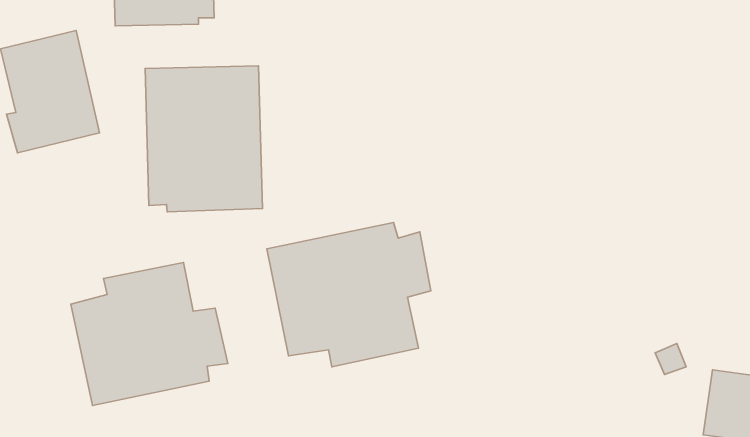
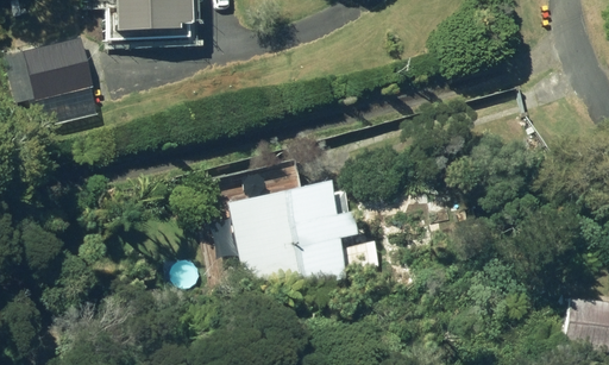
building: [145,66,263,212] -> none
building: [71,263,228,406] -> none

